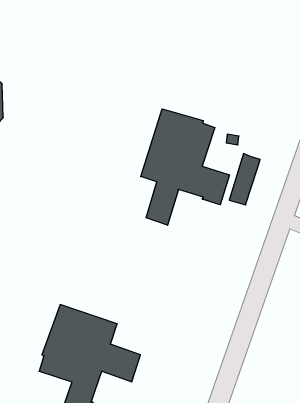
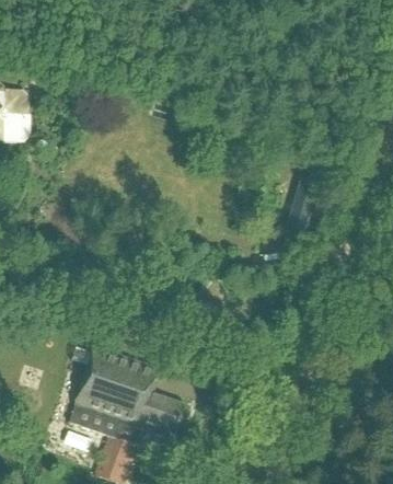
building: [141,109,230,225] -> none

